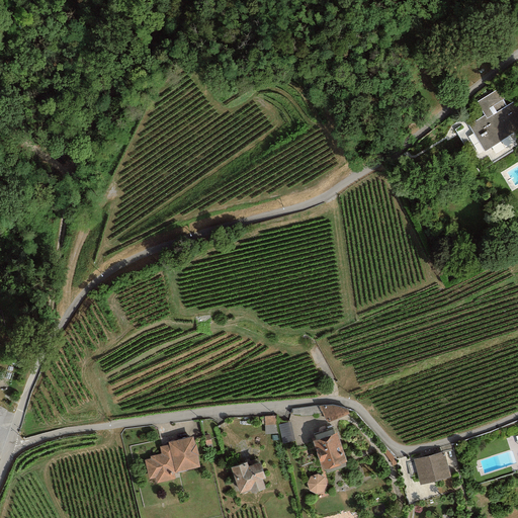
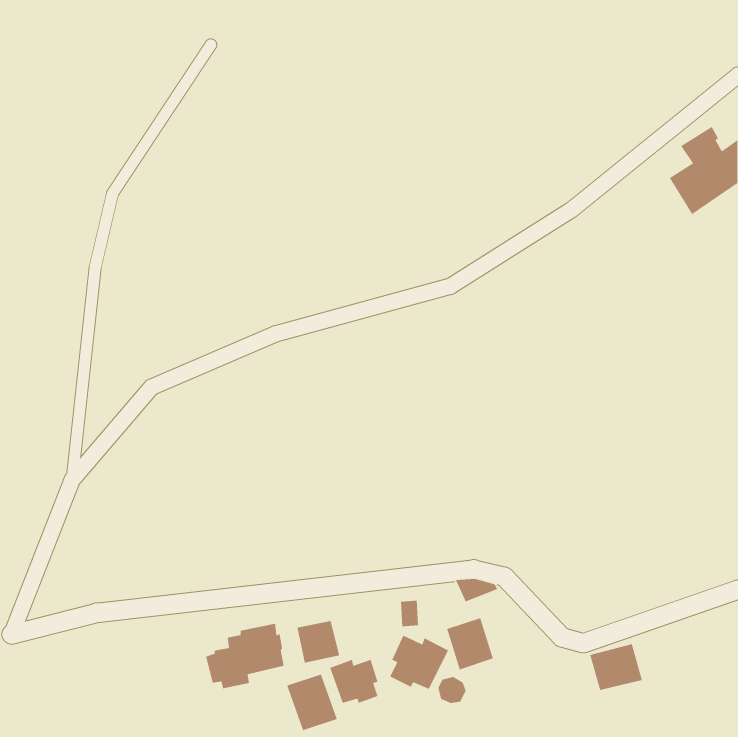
building: none -> [296,620,340,663]
building: none -> [389,635,449,690]
building: none -> [286,674,338,731]

